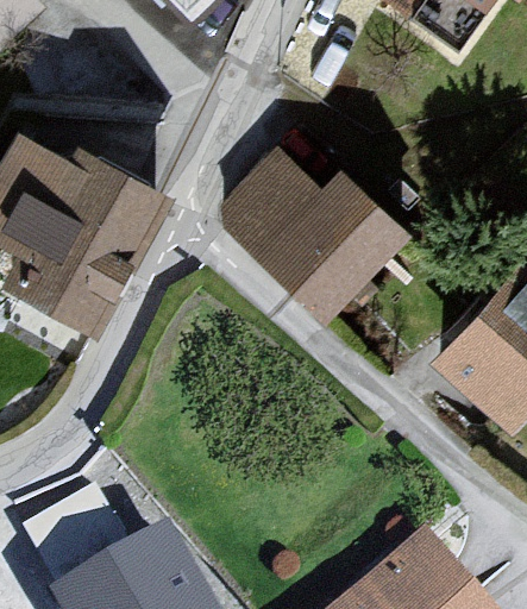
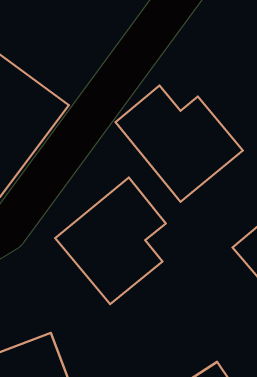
building: none -> [55,178,166,304]

